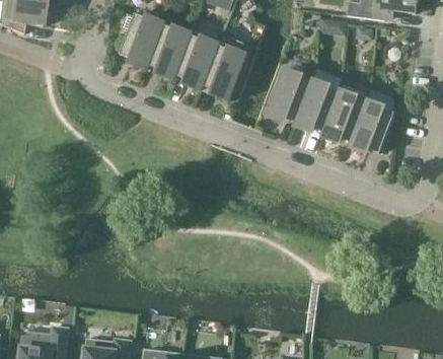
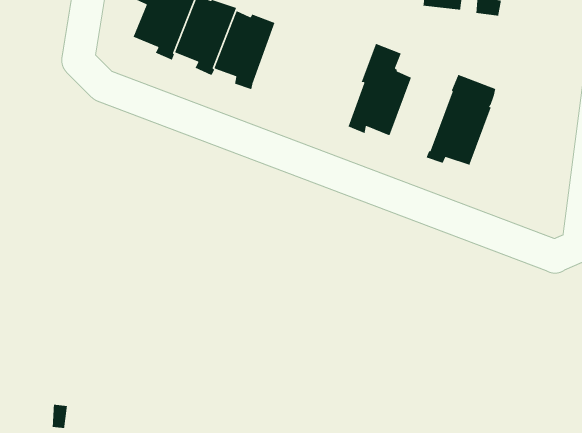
building: [203,37,252,100] -> none
building: [295,78,340,131] -> none
building: [349,99,395,152] -> none

